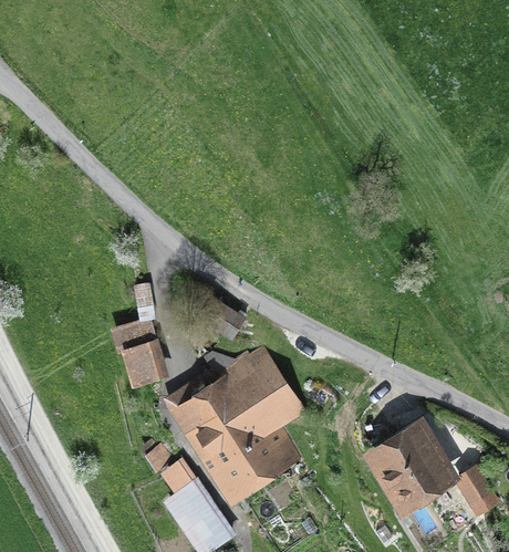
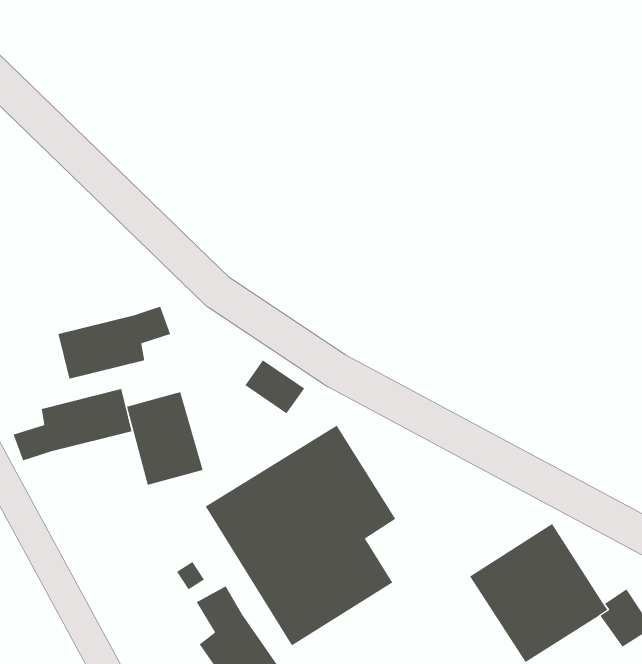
building: none -> [58,306,171,379]
building: none -> [13,388,132,461]

